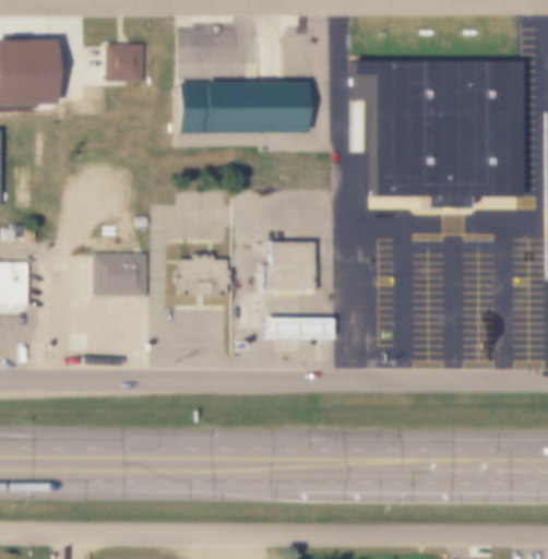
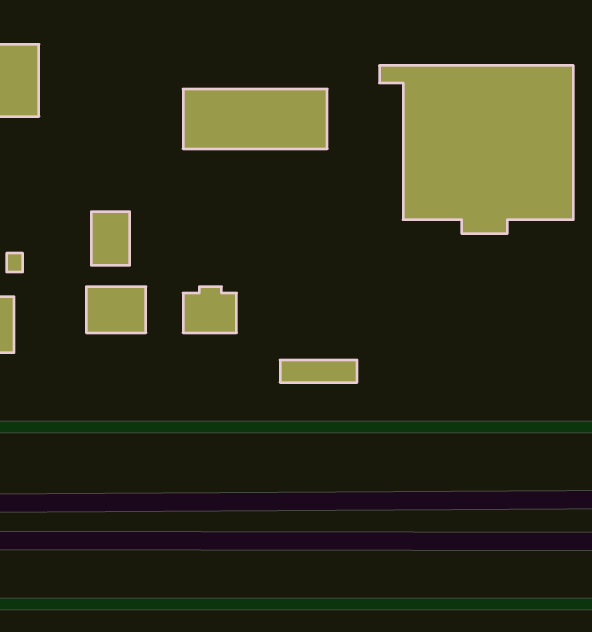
building: [108,45,144,81] -> none
building: none -> [91,212,130,265]
building: [266,242,314,290] -> none

